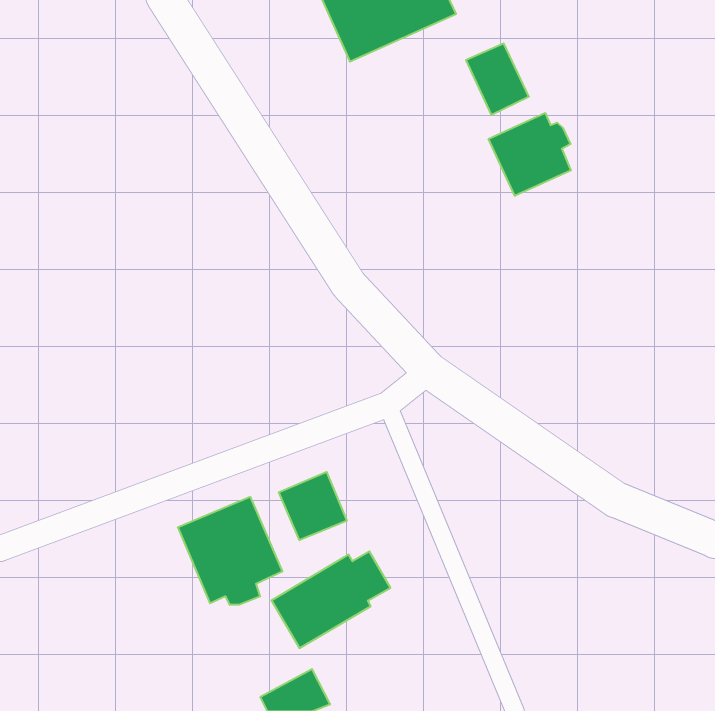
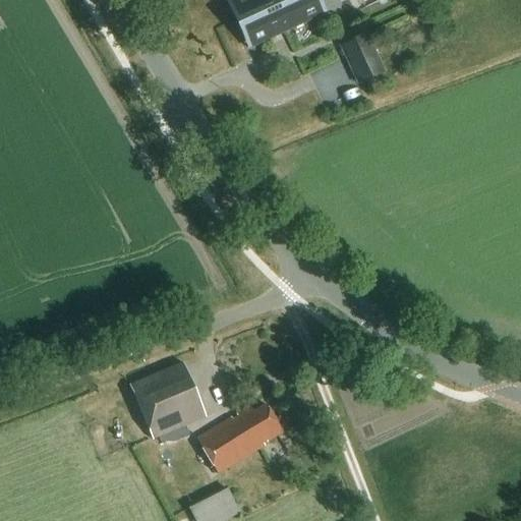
building: [489,113,571,196] -> none
building: [279,472,347,540] -> none

